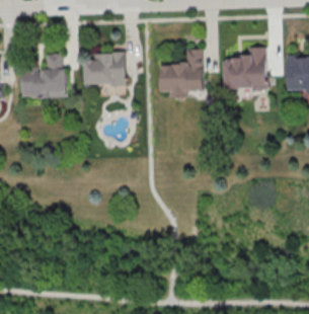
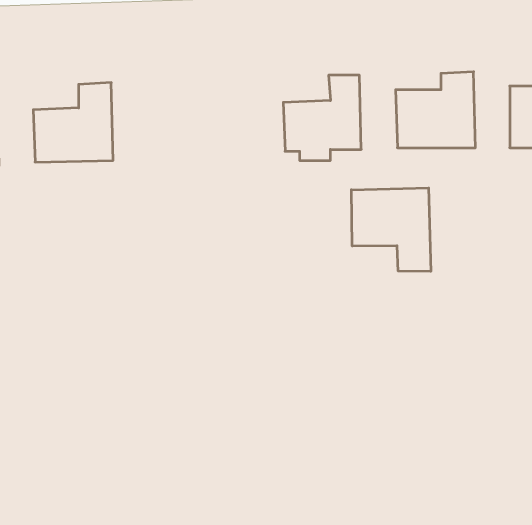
building: [84,52,126,85] -> none
building: none -> [351,188,431,271]

